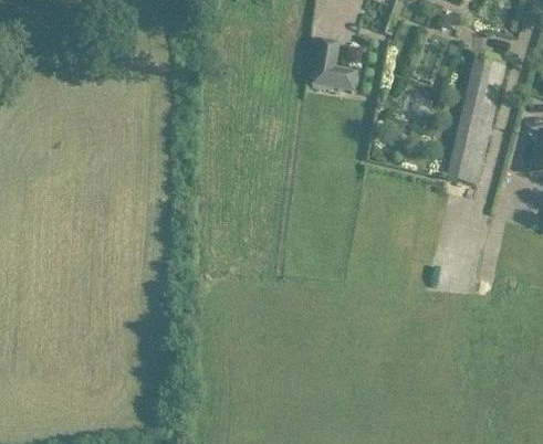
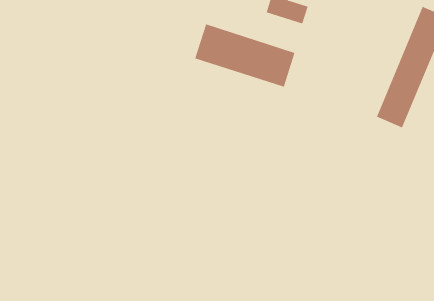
building: none -> [195,23,295,88]

